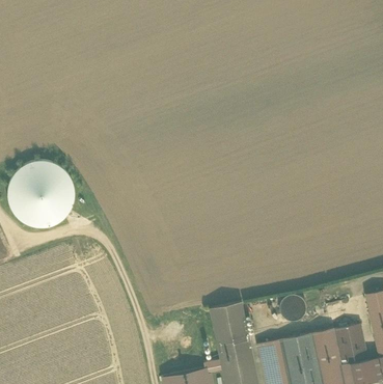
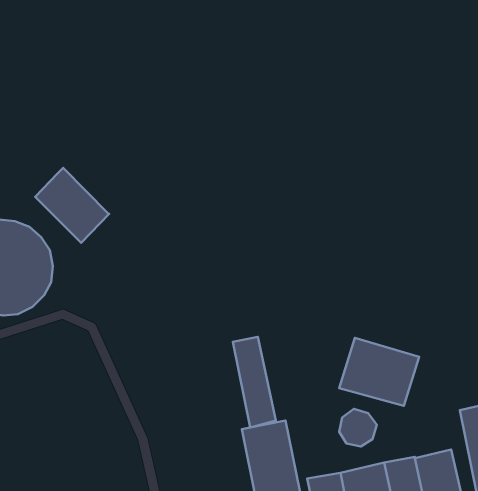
building: none -> [35,168,109,243]
building: none -> [233,337,276,427]
building: none -> [339,338,419,406]

